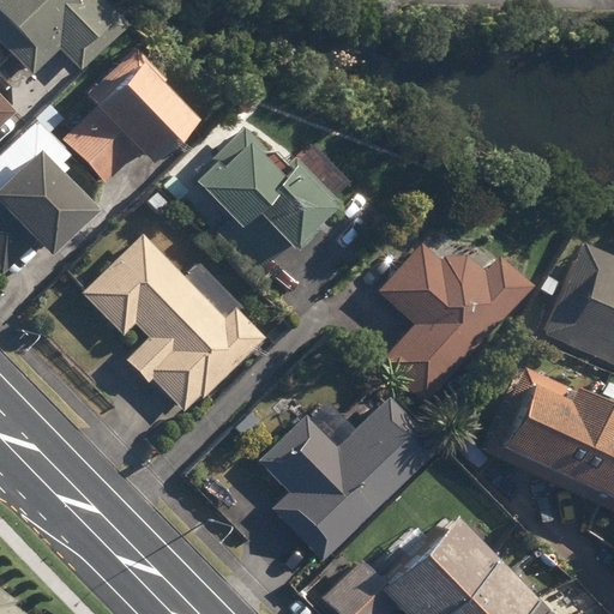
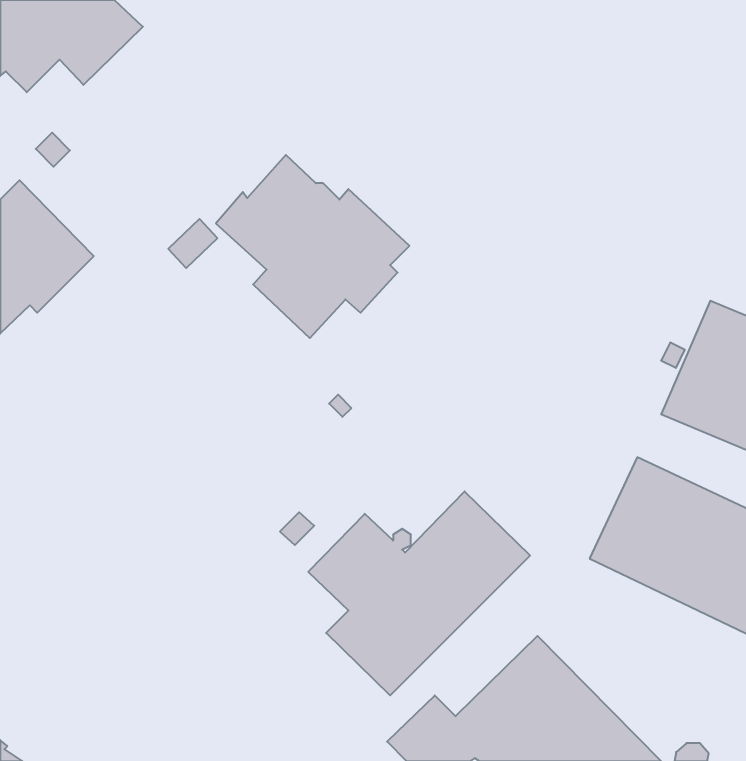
building: [62,47,188,183] -> none
building: [83,233,266,410] -> none
building: [378,242,532,403] -> none

